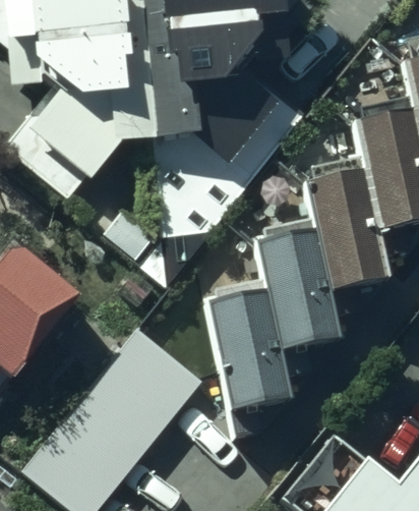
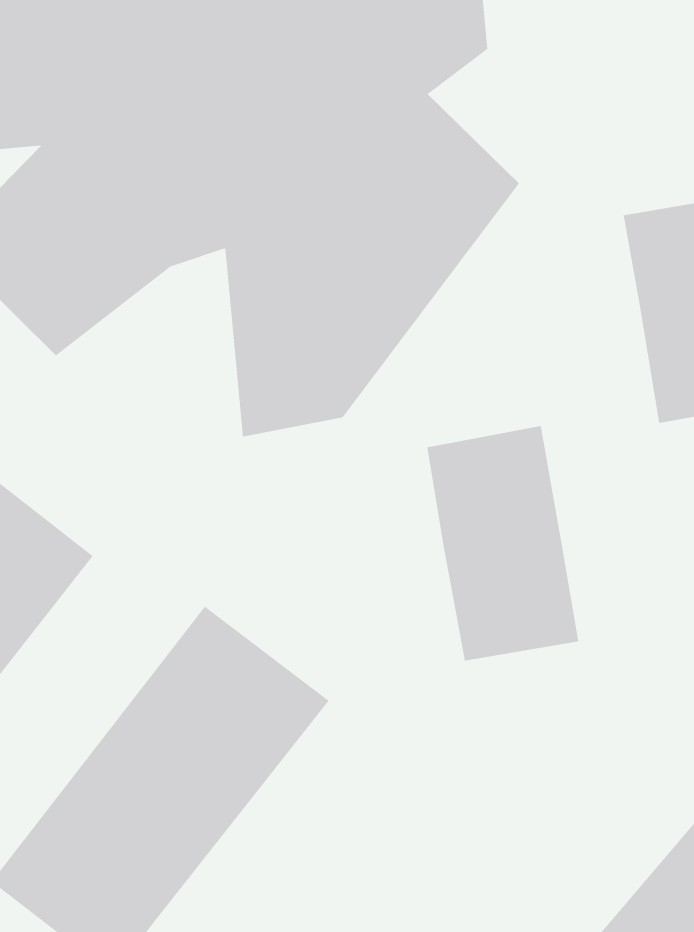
building: [304,170,383,296] -> none
building: [203,293,282,411] -> none

